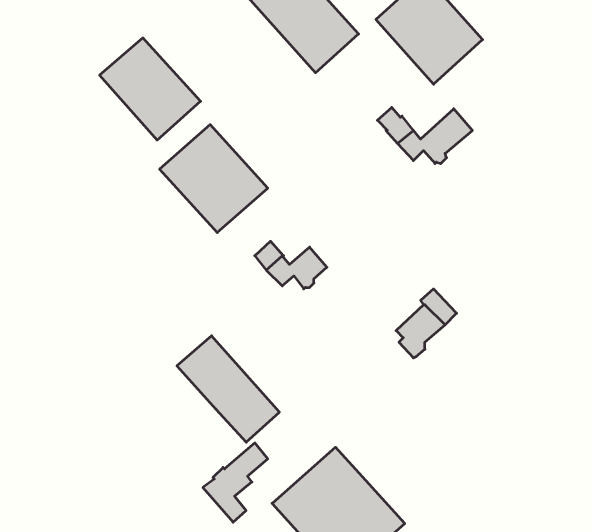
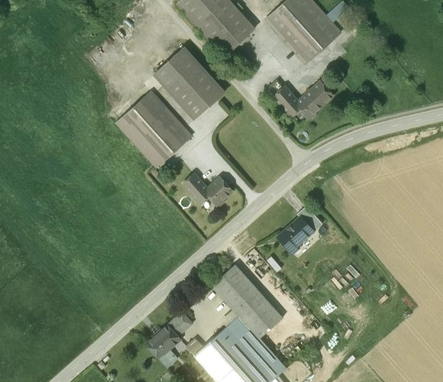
building: [100,38,201,140] -> [154,48,224,119]
building: [177,336,279,442] -> [211,265,282,339]

